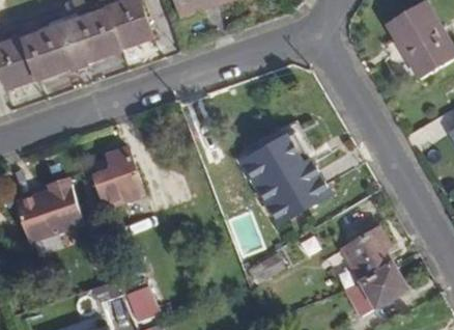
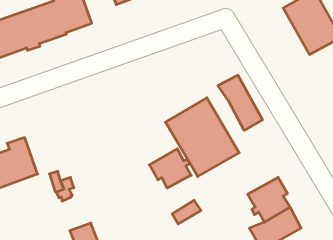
building: none -> [218,75,262,130]
building: [93,145,144,208] -> none
building: none -> [149,149,191,188]

